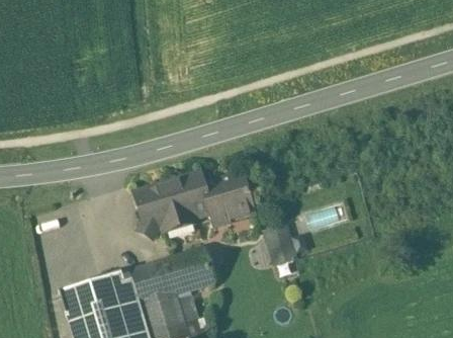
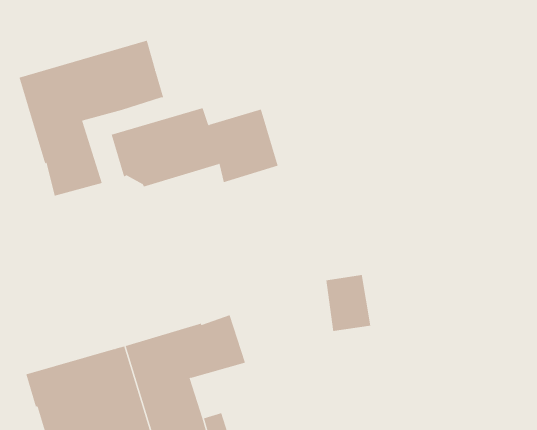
building: none -> [19,40,164,196]
building: [133,173,253,230] -> [111,108,279,187]

